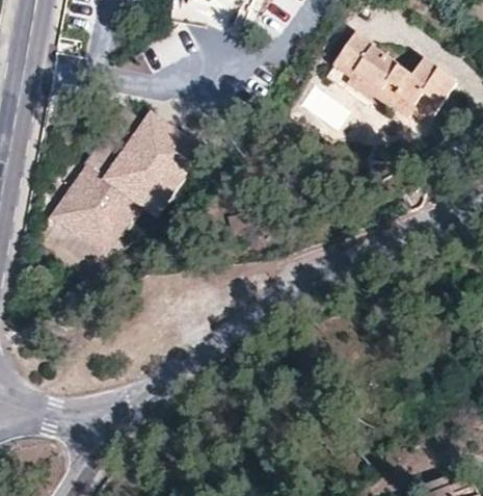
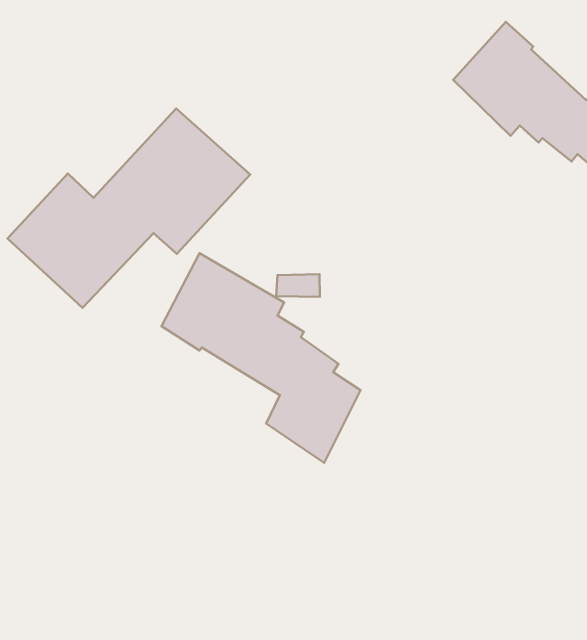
building: none -> [161,253,361,463]

